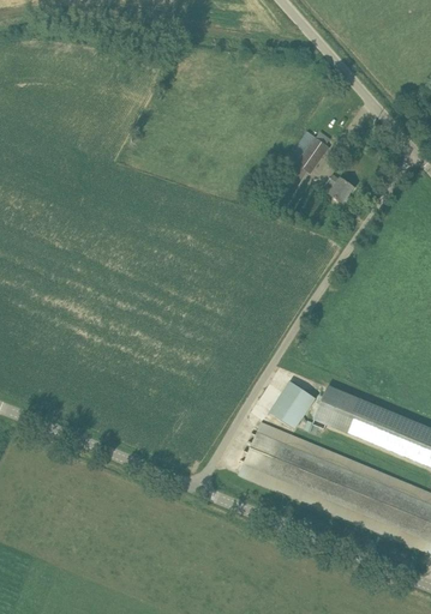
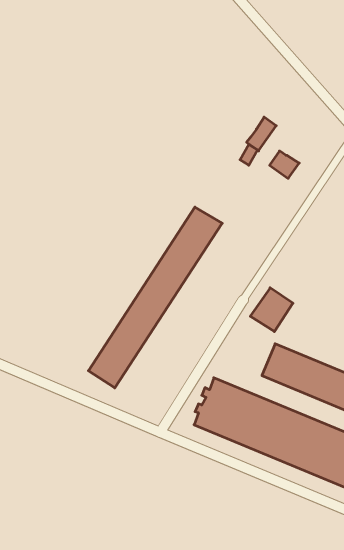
building: none -> [88,207,222,388]
building: [269,380,316,428] -> [250,288,293,332]

